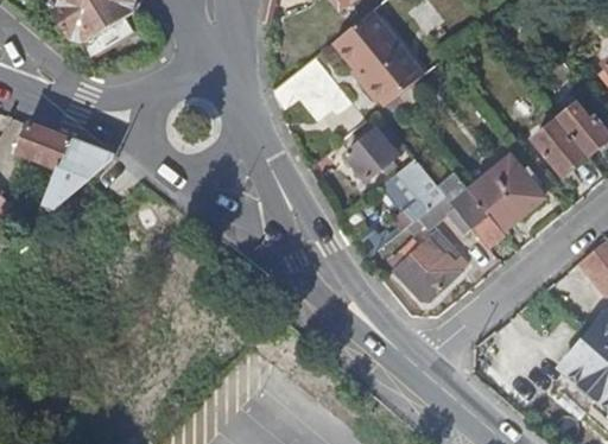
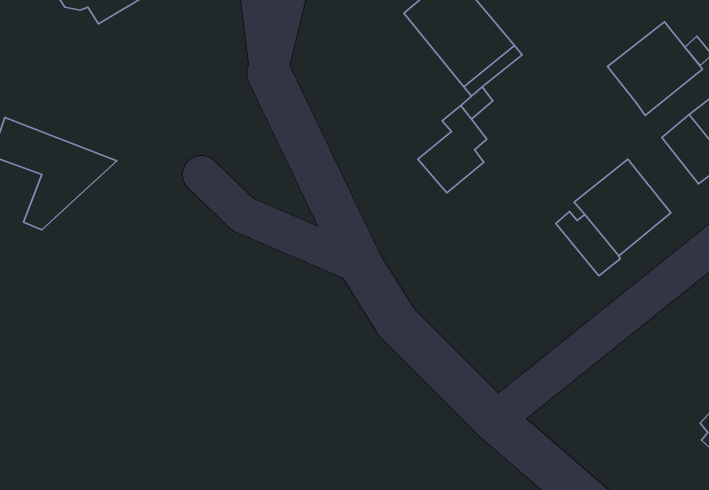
building: none -> [607,22,702,115]
building: [391,159,445,230] -> none
building: [395,230,462,298] -> none

